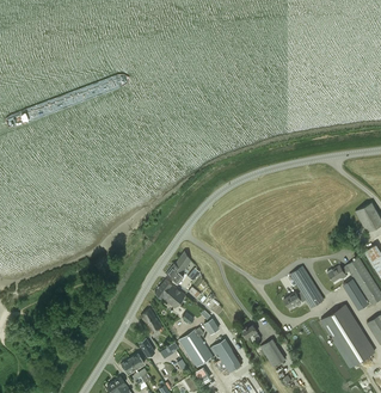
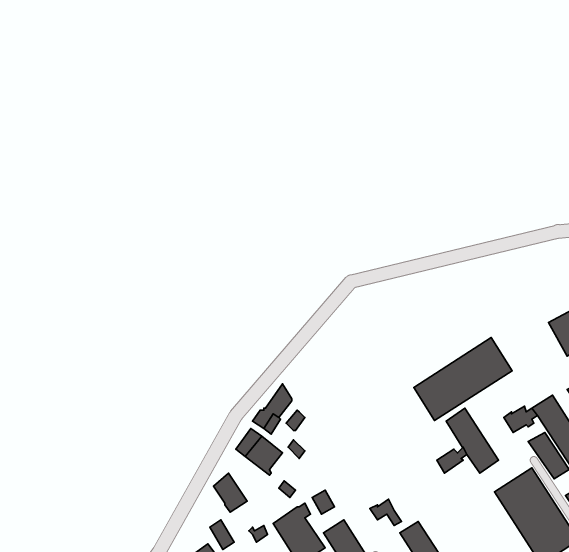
building: none -> [414,338,512,421]

